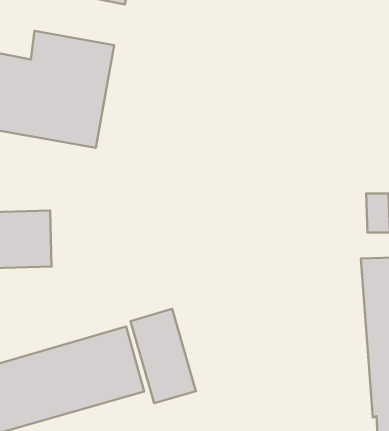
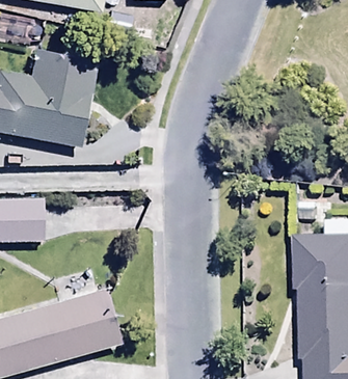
building: [131,309,196,403] -> none

